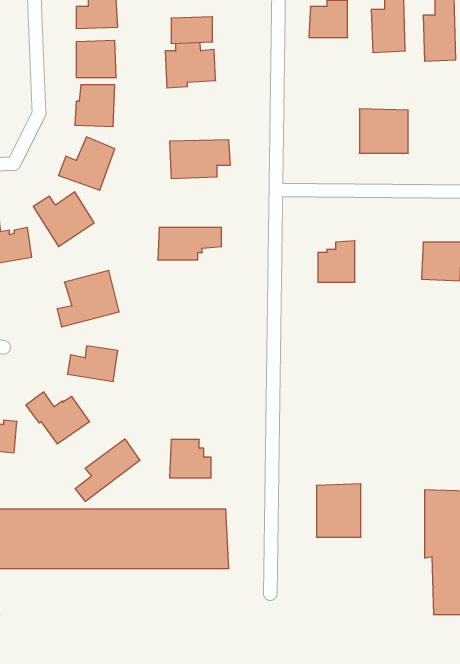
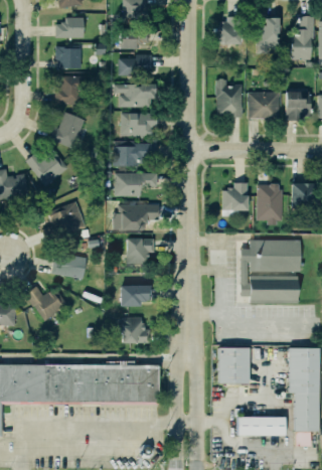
building: none -> [213,79,239,118]
building: none -> [114,85,156,108]
building: none -> [285,92,310,120]
building: none -> [113,142,157,165]
building: none -> [256,184,282,225]
building: none -> [114,204,158,230]
building: none -> [126,239,153,264]
building: none -> [239,240,300,302]
building: none -> [120,286,151,307]
building: [75,439,140,501] -> none
building: none -> [242,422,289,442]

